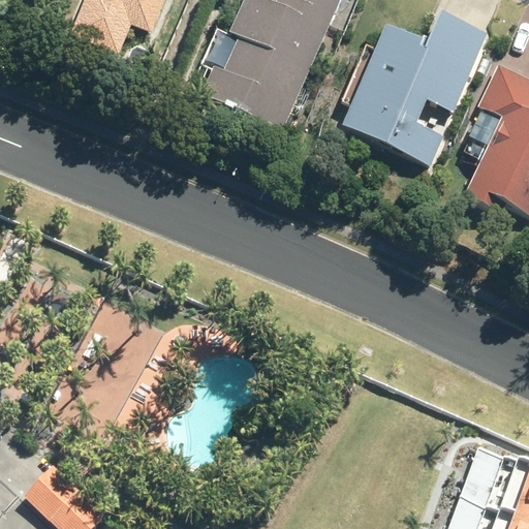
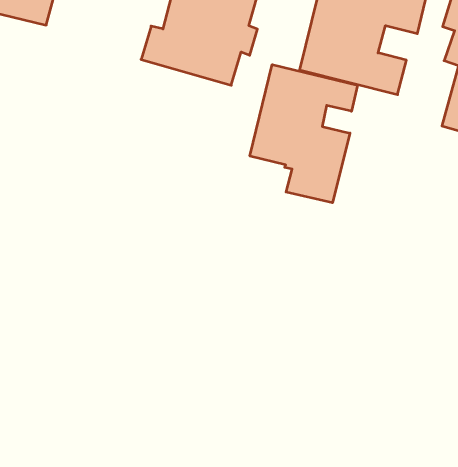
building: none -> [250,65,357,203]

